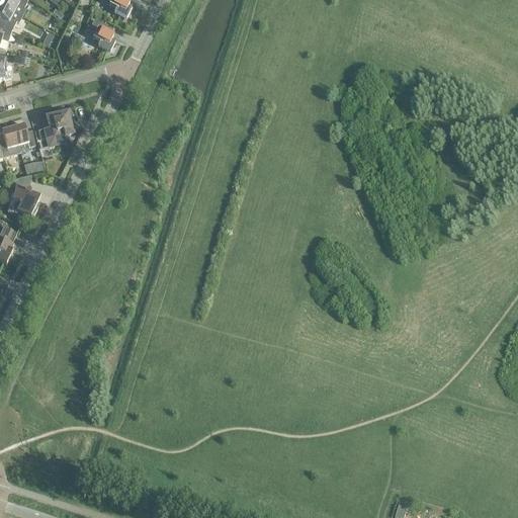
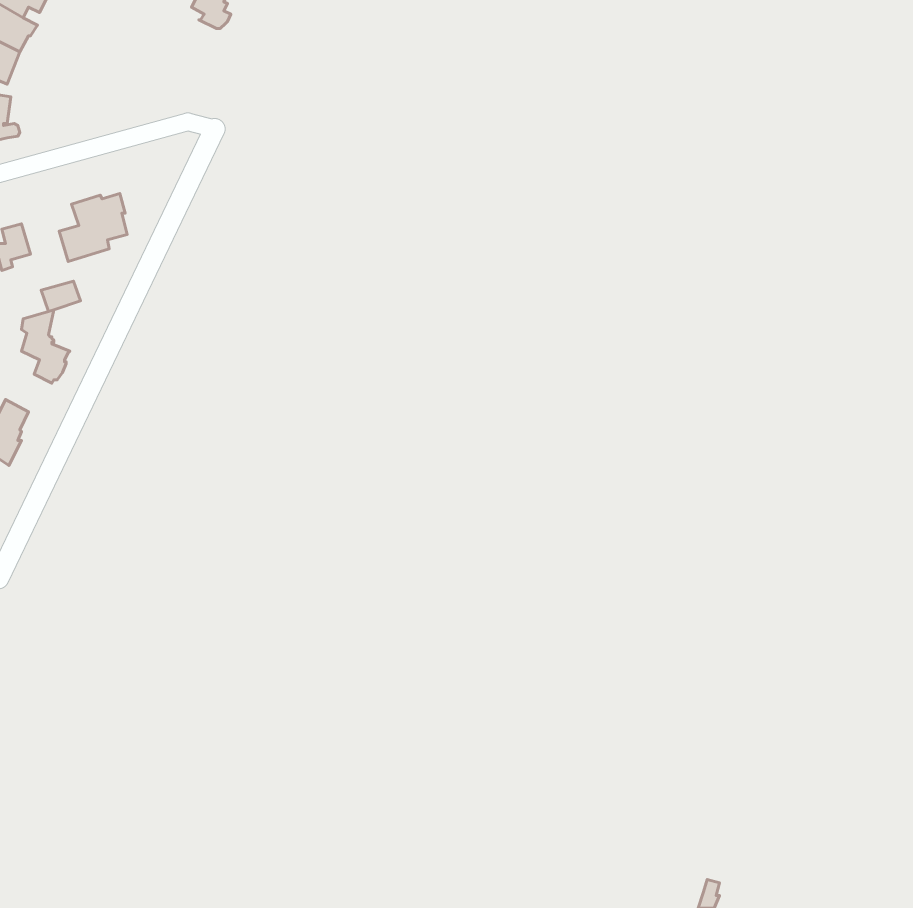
building: [88,17,114,50] -> none
building: [12,123,35,150] -> none

